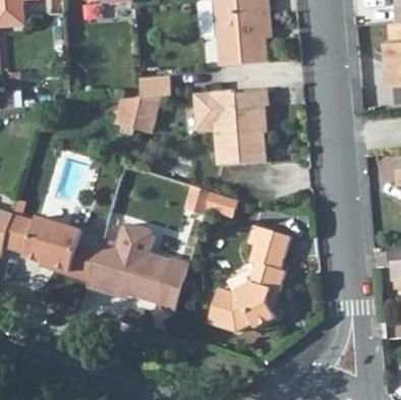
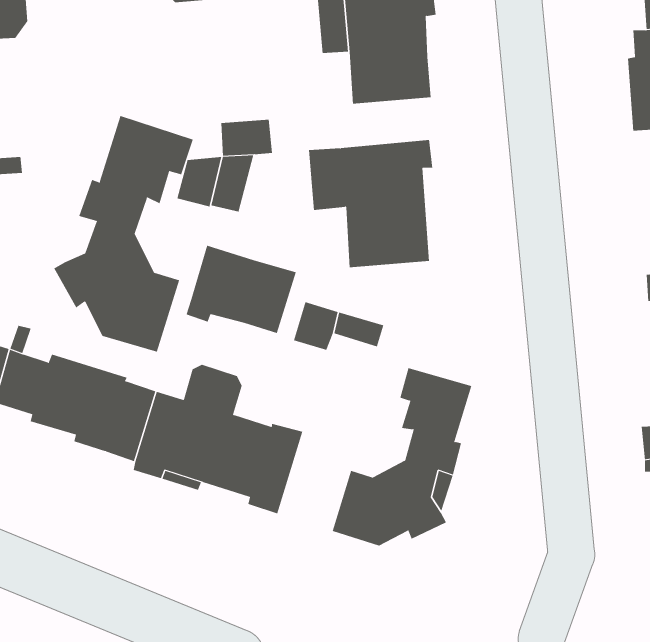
building: none -> [54,115,194,353]
building: none -> [186,245,296,334]

